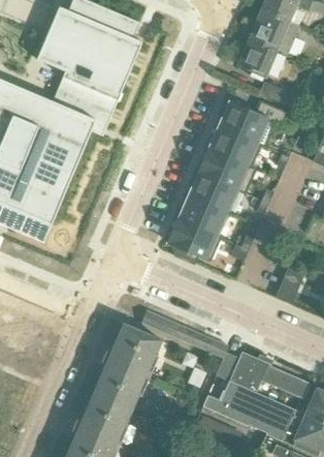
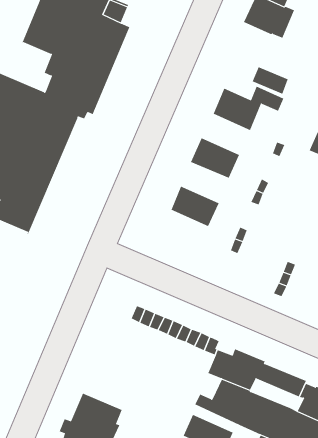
building: [237,38,277,79] -> none
building: [208,126,256,165] -> none
building: [189,173,235,212] -> none
building: [168,218,216,262] -> none
building: [95,325,163,410] -> none

